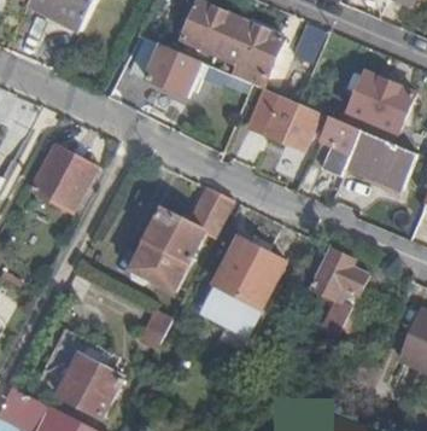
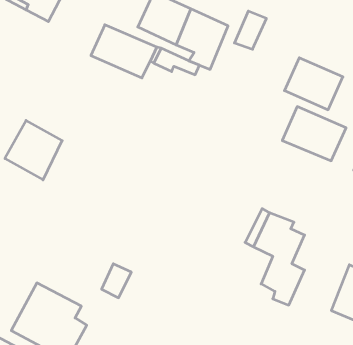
building: [247,88,361,177] -> none
building: [129,186,233,292] -> none
building: [212,238,285,349] -> none

